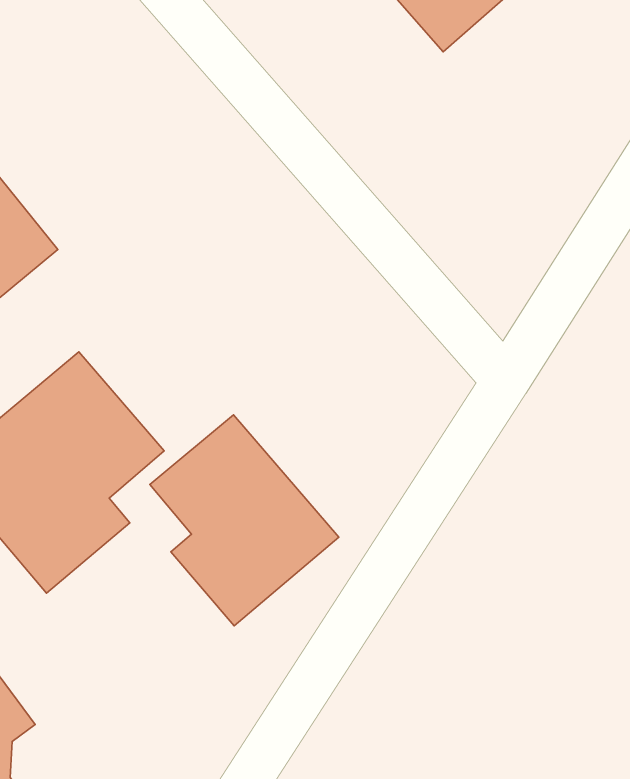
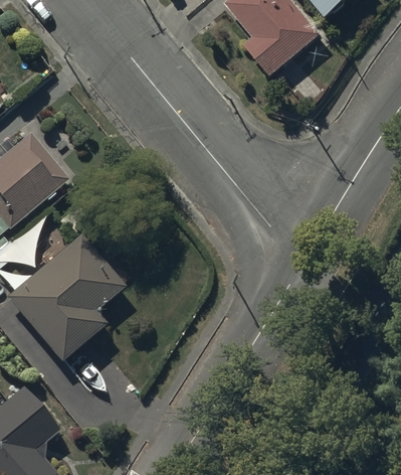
building: [150,415,339,626] -> none

